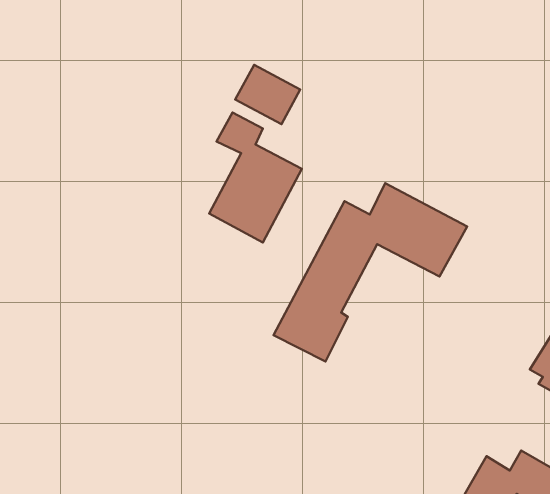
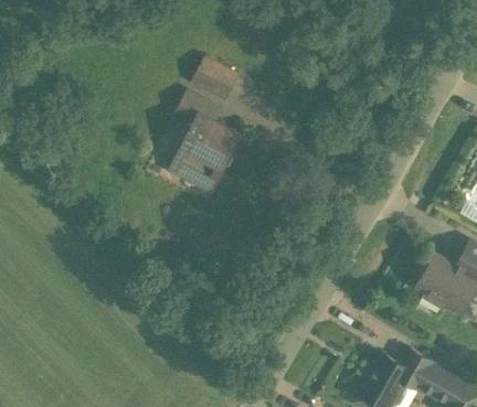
building: [273,183,467,361] -> none

